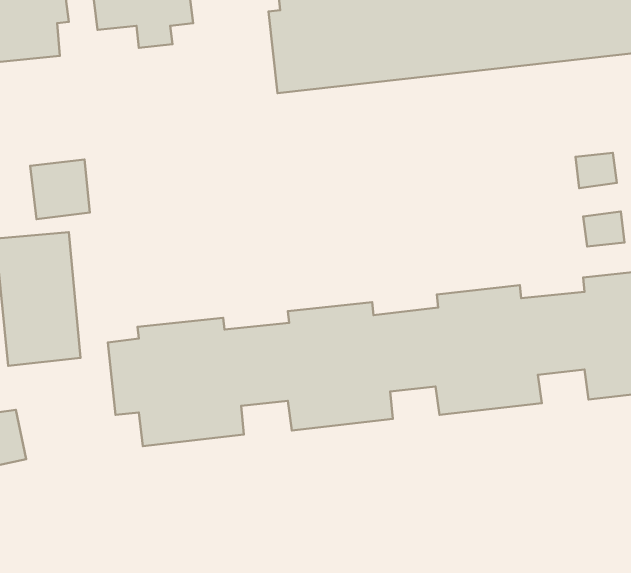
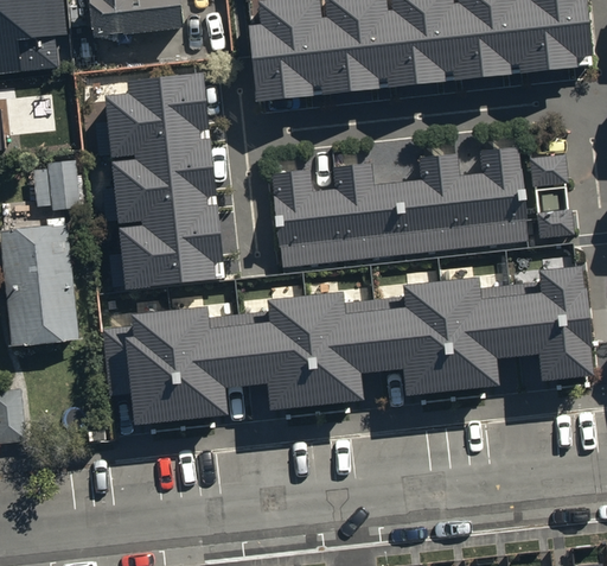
building: none -> [104,74,224,288]
building: none -> [271,147,528,268]

